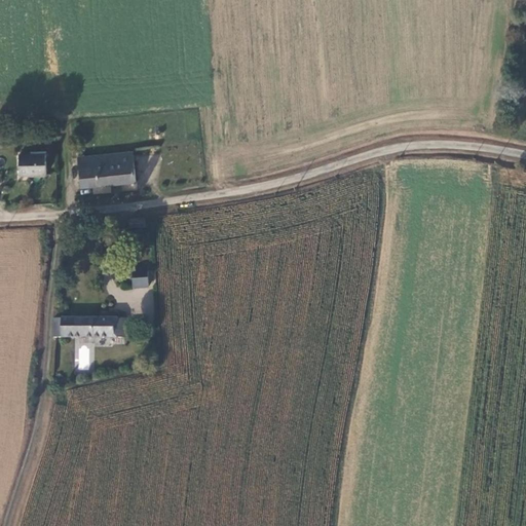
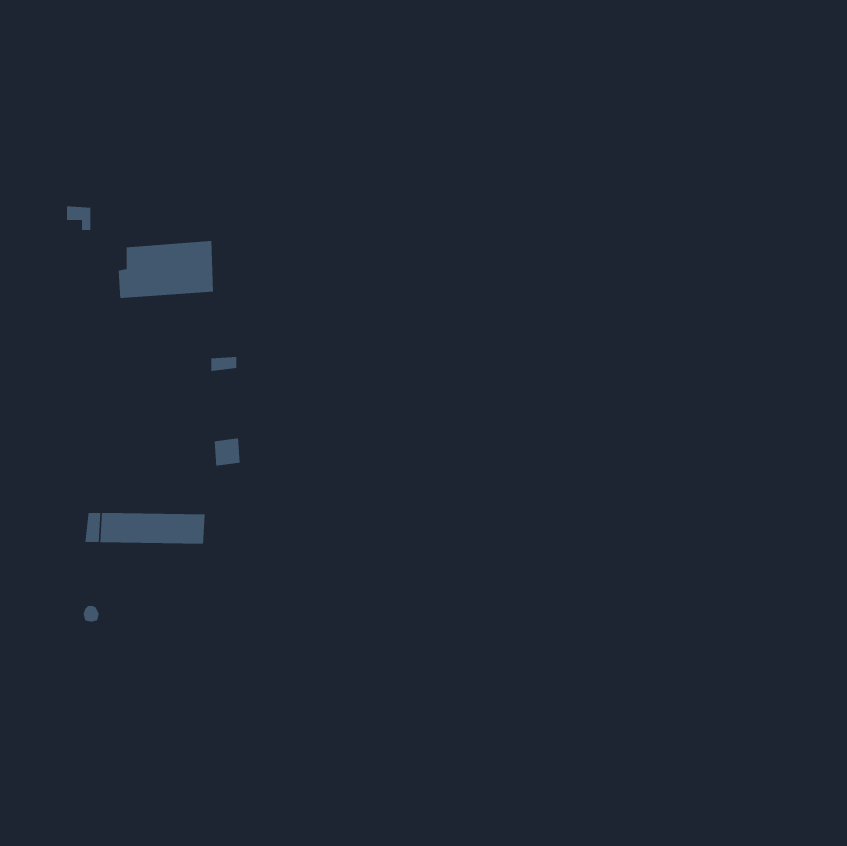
building: [22,157,50,179] -> none

